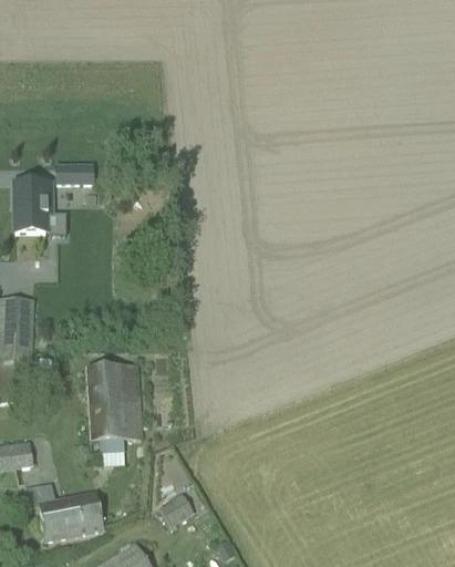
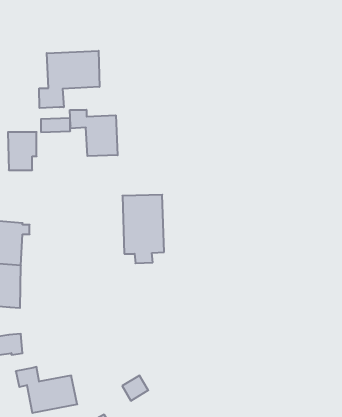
building: none -> [39,51,99,108]
building: none -> [70,110,118,156]
building: [86,364,139,452] -> [122,195,164,263]

